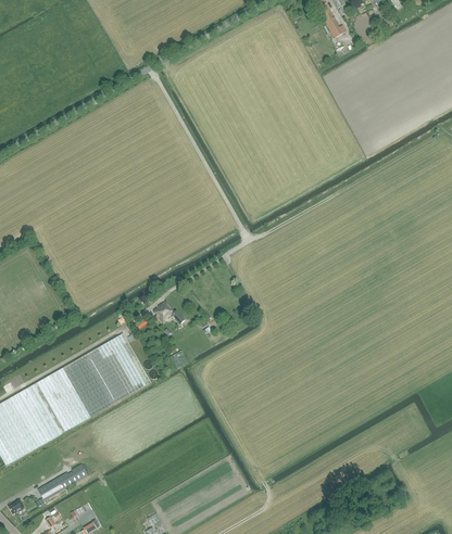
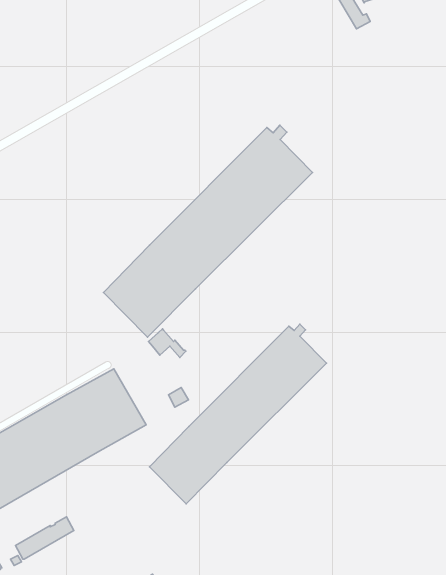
building: none -> [103,125,313,337]
building: none -> [150,324,326,504]

